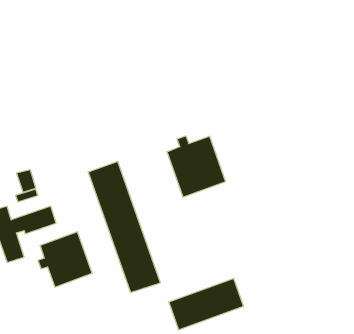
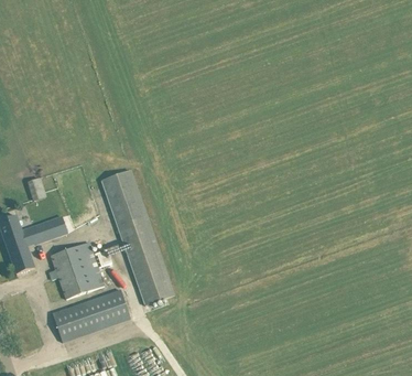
building: [167,136,226,197] -> none
building: [169,279,243,330] -> [53,289,130,342]

